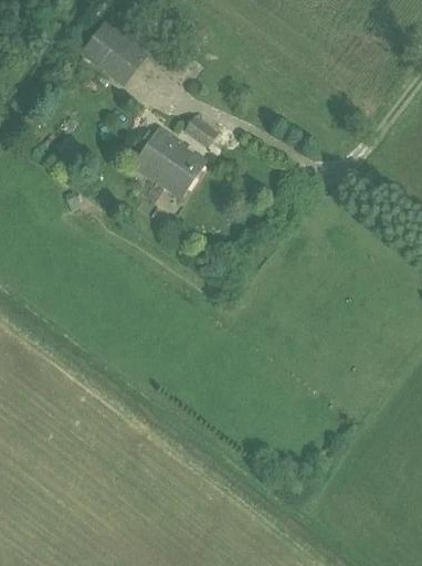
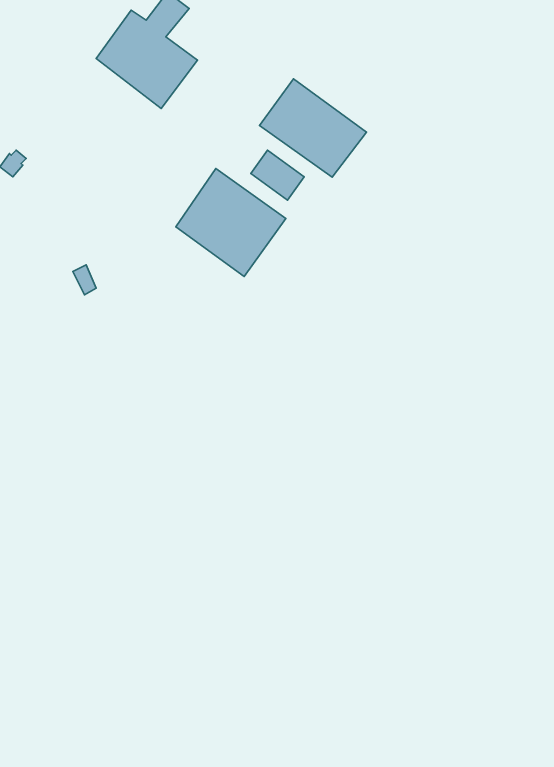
building: none -> [260,79,367,177]

